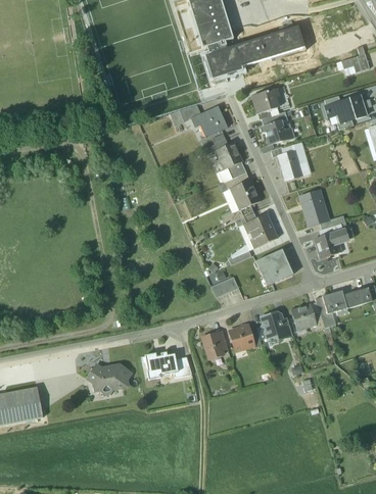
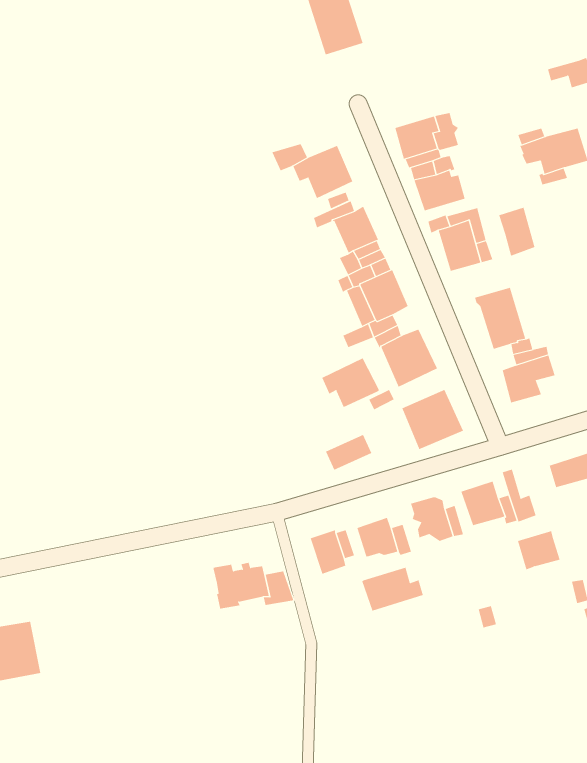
building: [204,26,304,79] -> none
building: none -> [499,207,535,257]
building: none -> [321,358,380,408]
building: [321,290,346,313] -> [517,530,560,570]
building: none -> [361,567,423,612]
building: [87,364,131,394] -> none

